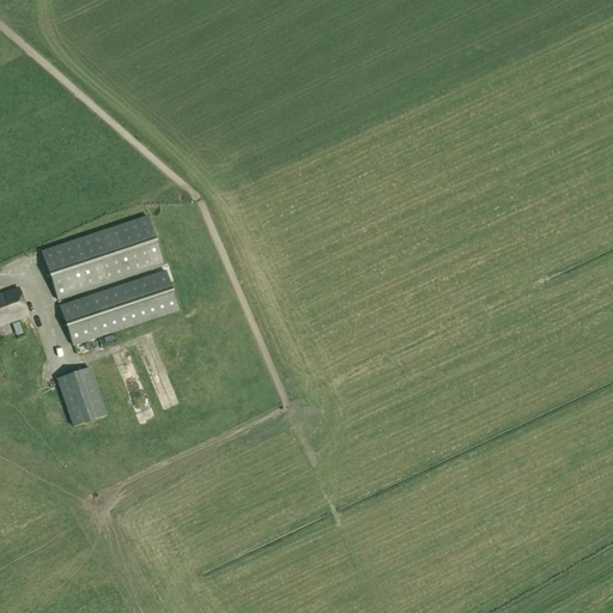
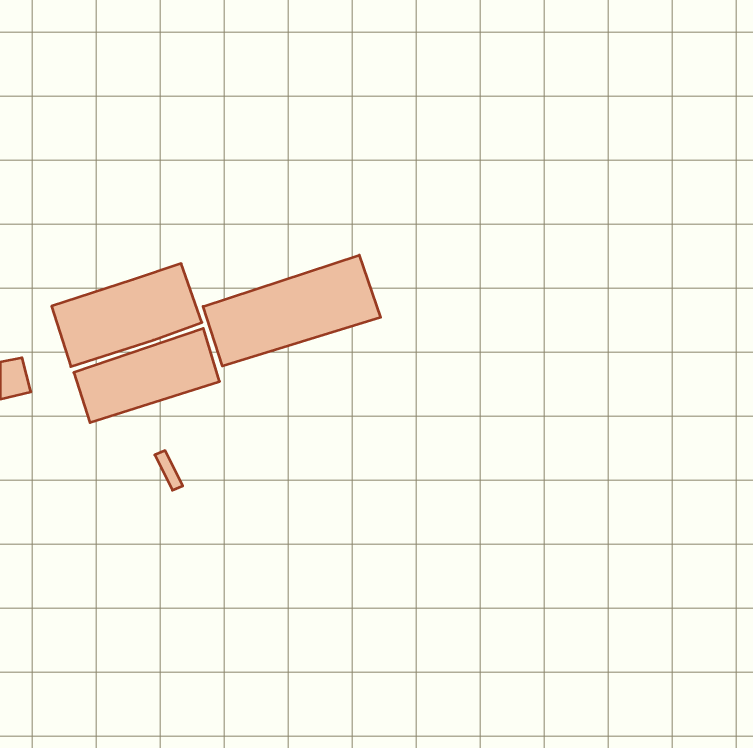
building: none -> [203,255,381,366]
building: [57,366,107,425] -> none

